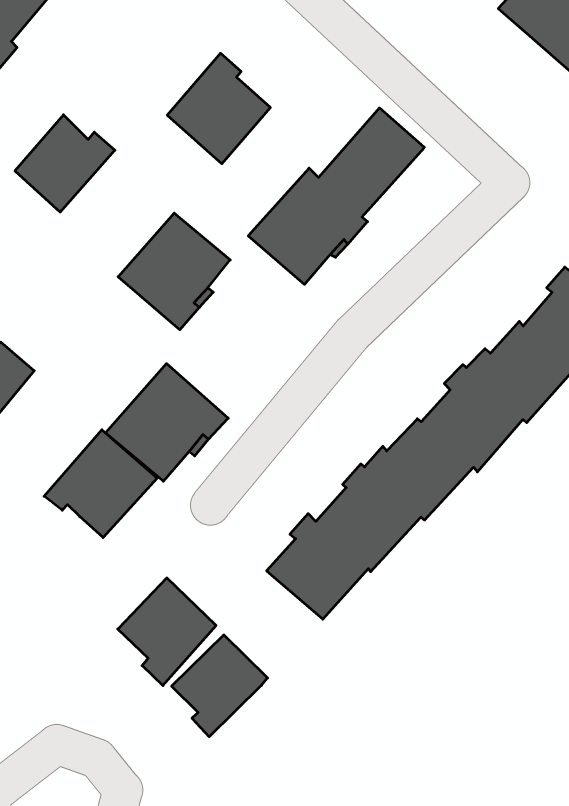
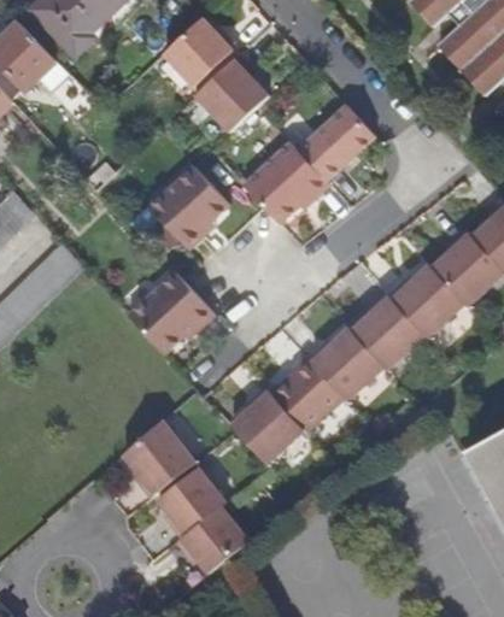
building: [15,115,115,212] -> [164,18,236,87]
building: [44,430,157,538] -> none
building: none -> [176,505,250,572]

